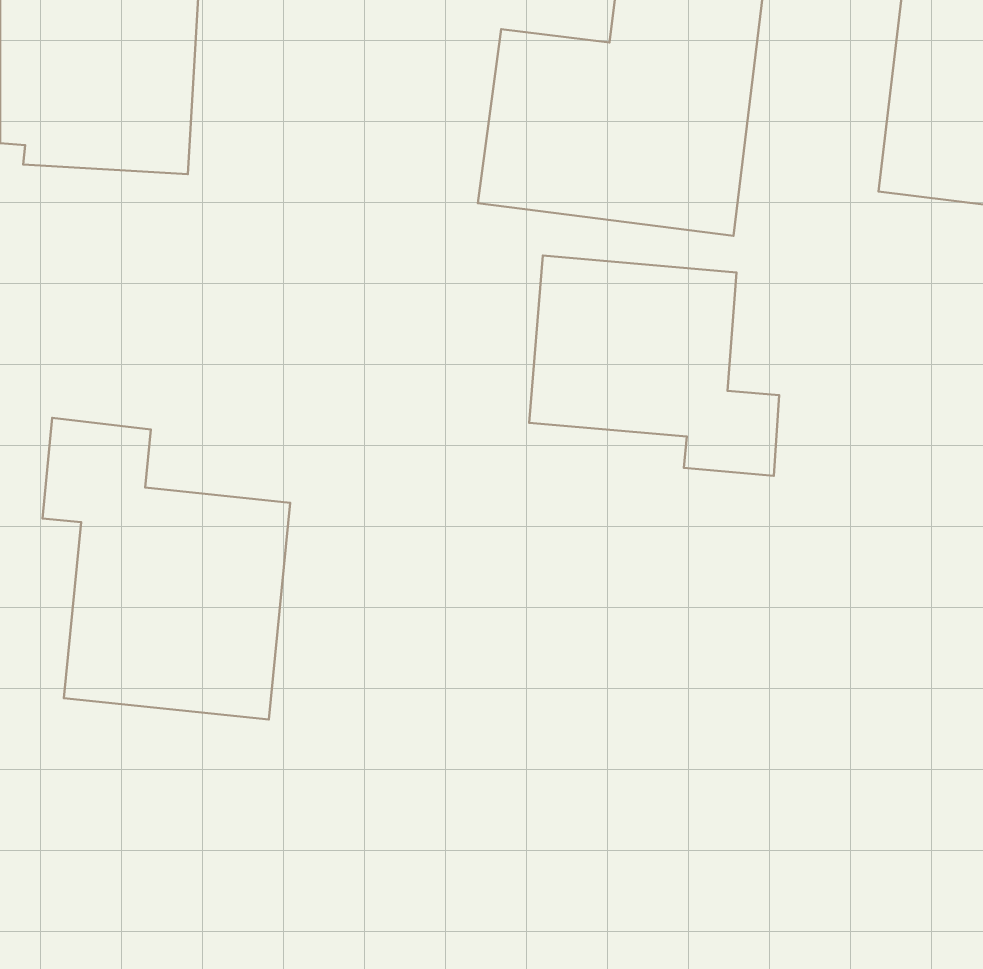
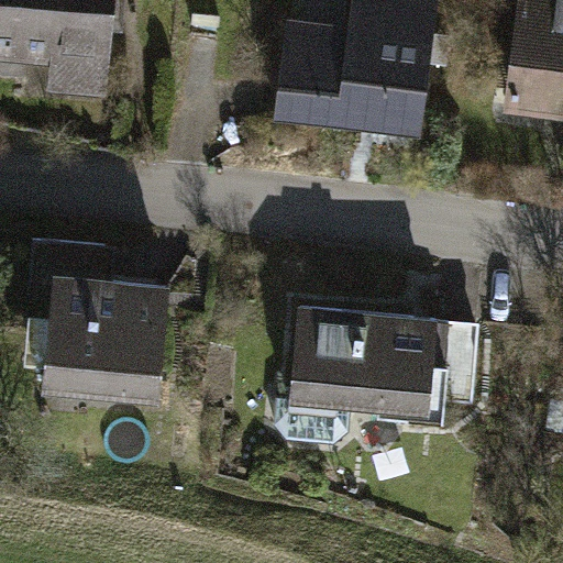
building: [529,256,779,476] -> none
building: none -> [282,305,479,449]

